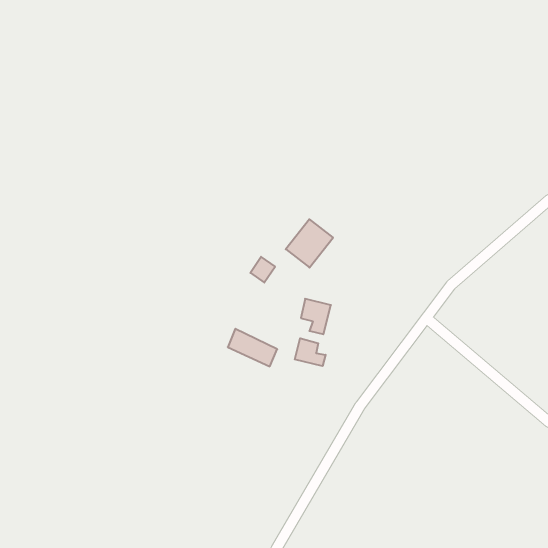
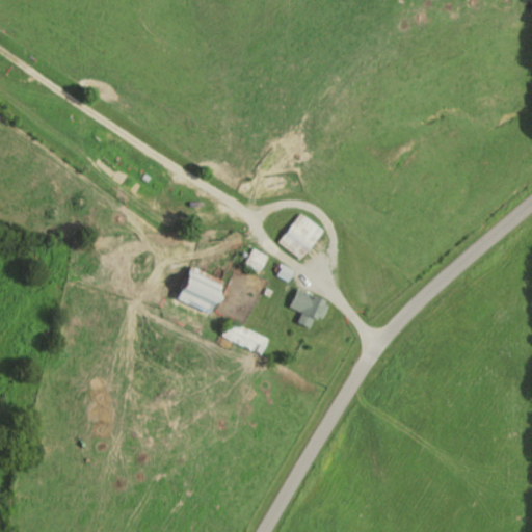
building: none -> [177,267,222,315]
building: [295,338,326,366] -> none

